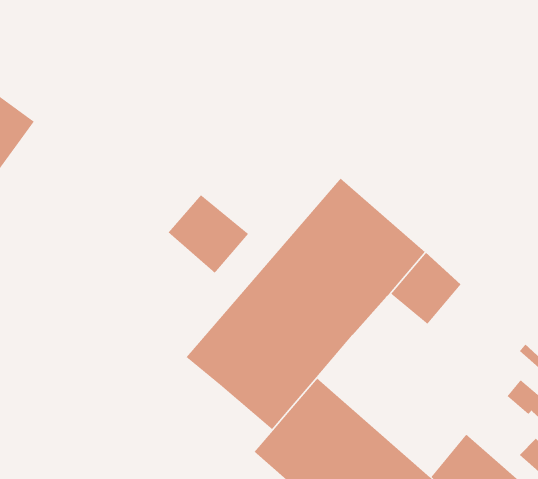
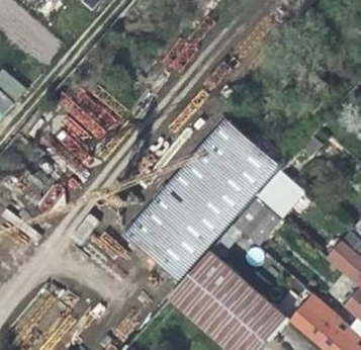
building: [167,194,249,274] -> none
building: none -> [234,198,280,245]

